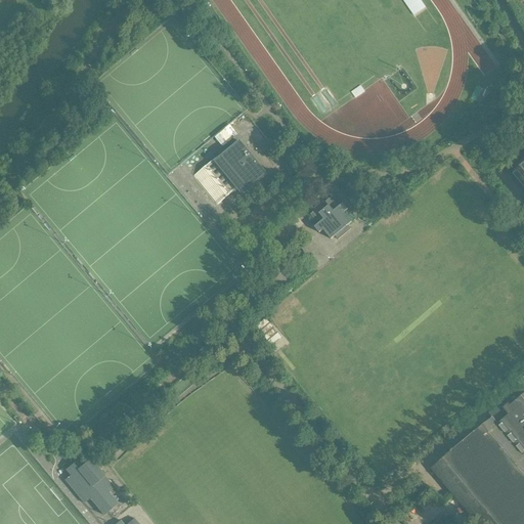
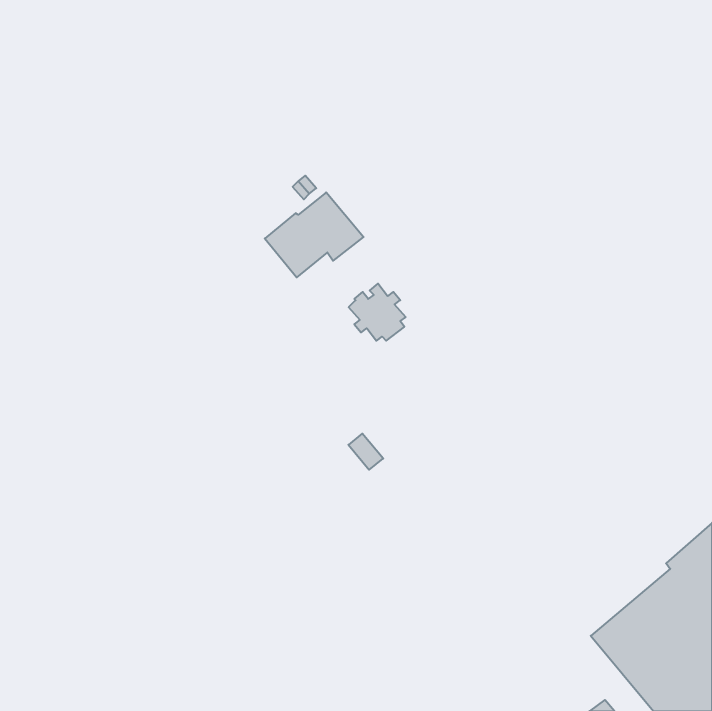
building: [310,196,352,238] -> [349,284,406,341]
building: [64,457,118,515] -> none

